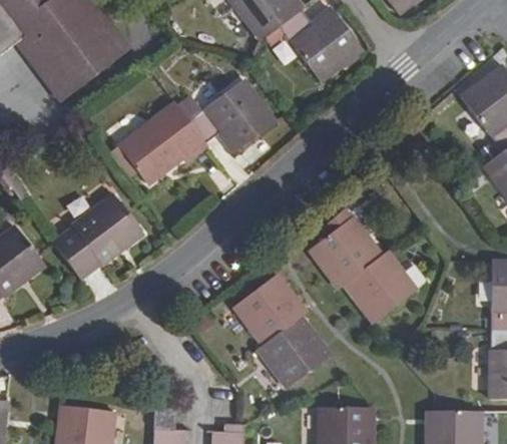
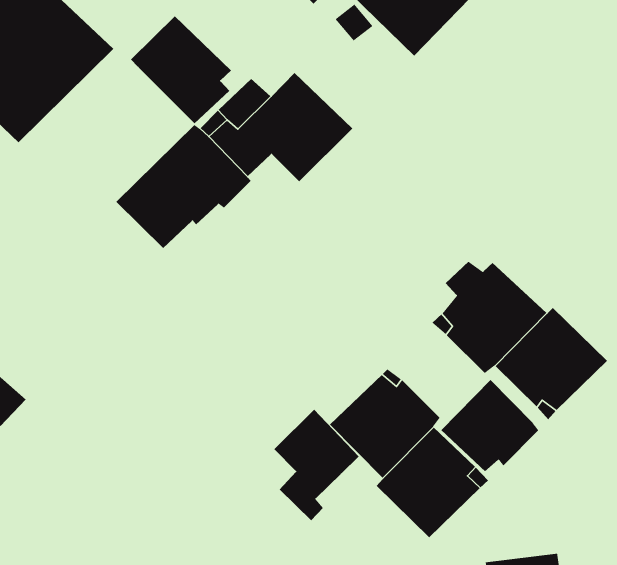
building: none -> [130,15,232,124]
building: [53,194,142,278] -> none
building: none -> [440,379,539,472]
building: none -> [273,409,360,521]

